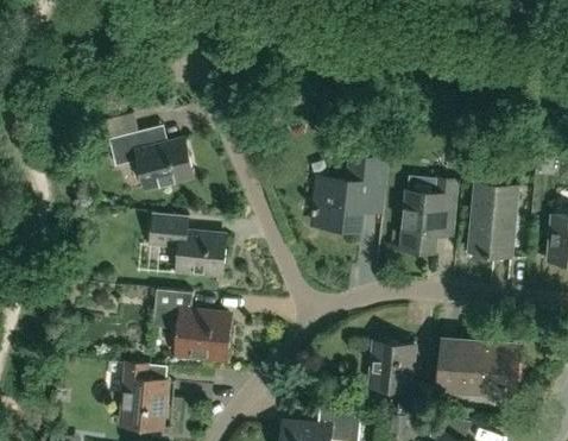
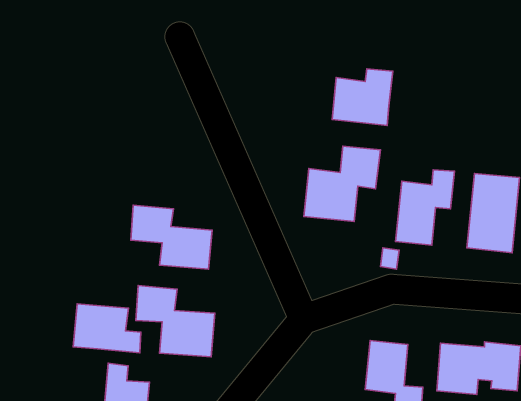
building: none -> [332,69,393,126]
building: [109,131,193,189] -> none
building: none -> [73,304,141,353]

